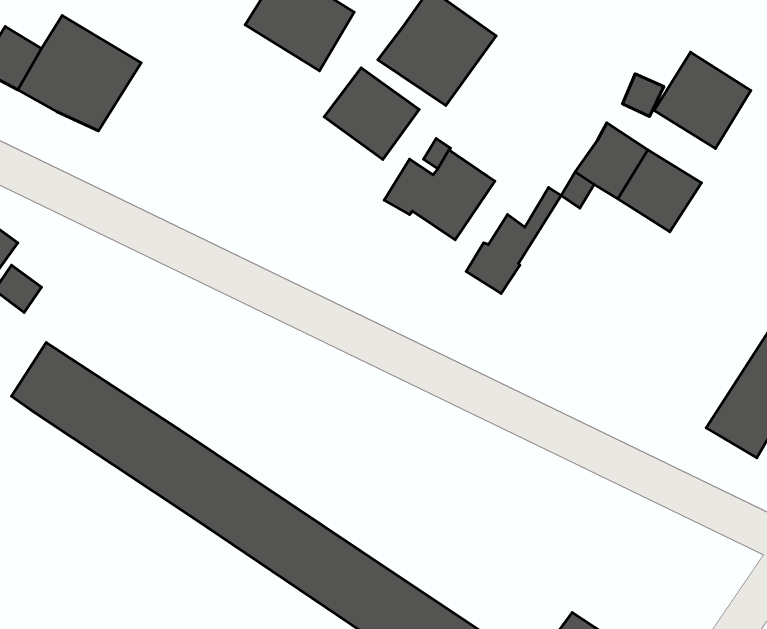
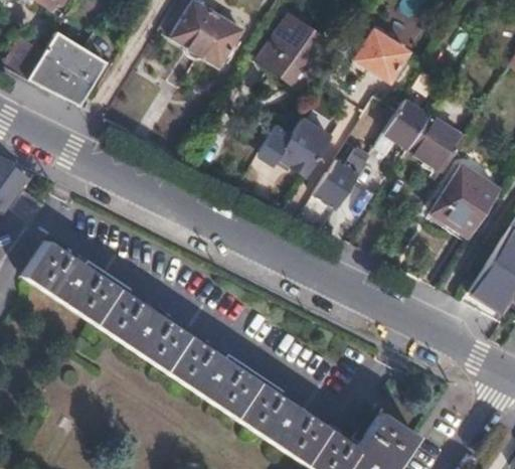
building: none -> [356,28,408,80]
building: [654,52,751,149] -> none
building: [324,68,419,160] -> none
building: none -> [433,164,501,231]

